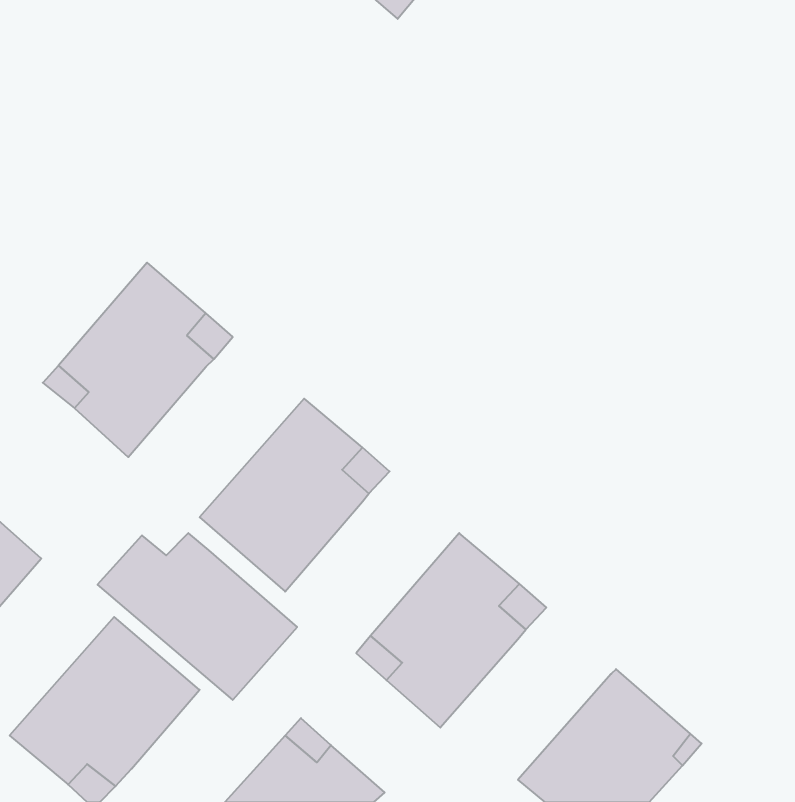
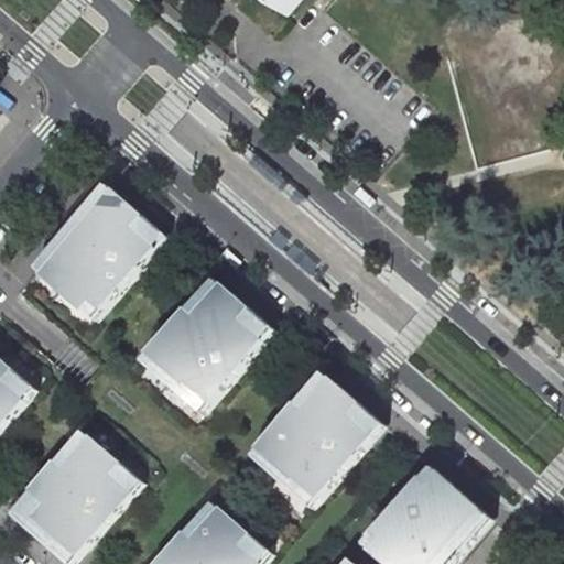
building: [98,533,297,700] -> none

